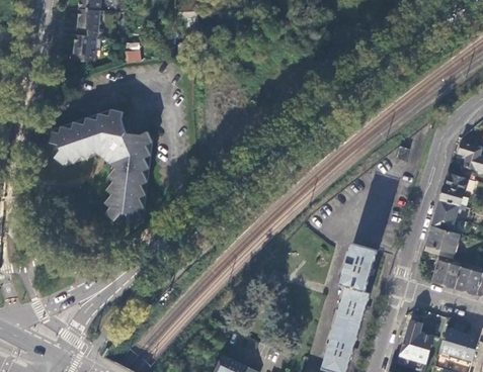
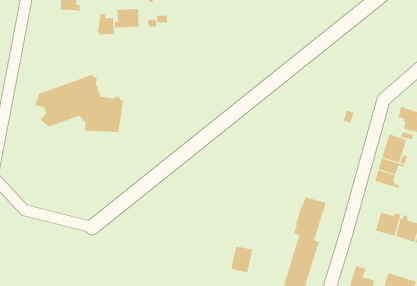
building: none -> [114,8,139,29]
building: [73,33,95,61] -> none
building: [98,170,145,219] -> none
building: [424,226,460,259] -> none
building: none -> [231,246,253,273]

